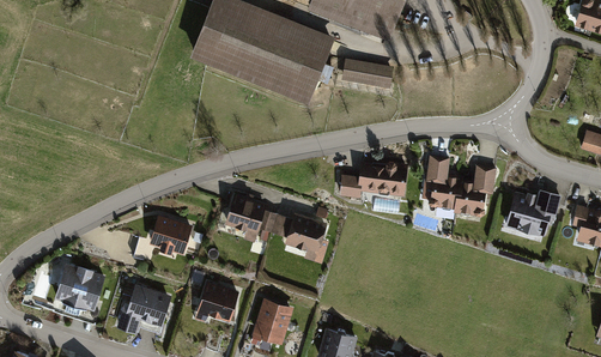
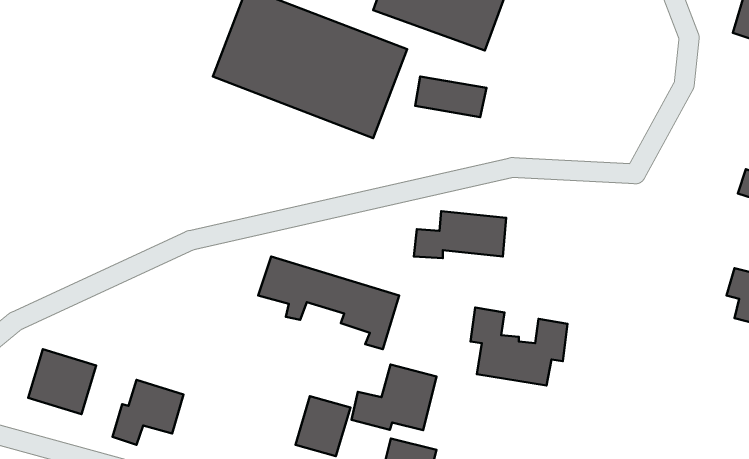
building: [425,152,497,210] -> [470,308,568,385]
building: [505,186,560,235] -> none
building: [148,214,190,253] -> none
building: none -> [352,364,436,430]
building: [193,279,238,320] -> none

